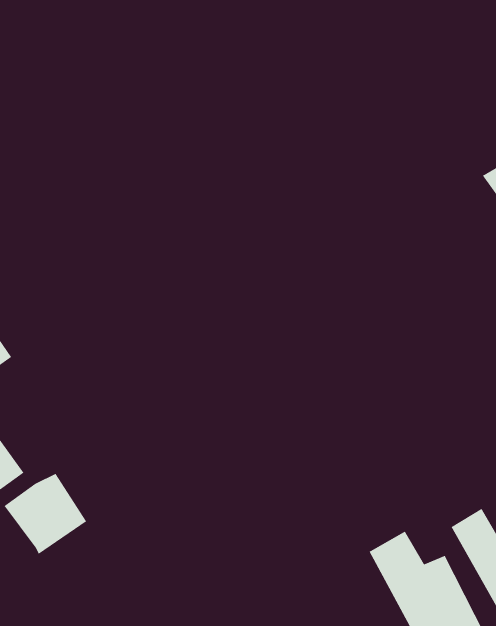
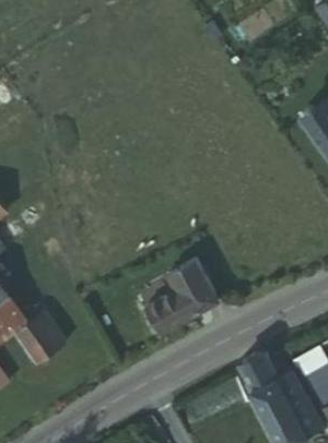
building: none -> [144,254,215,325]

